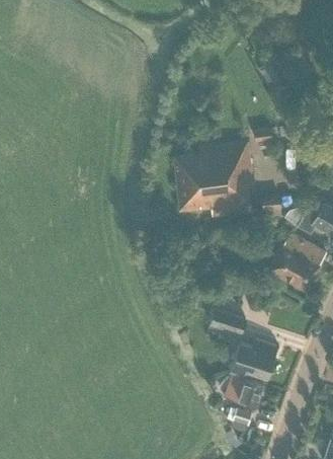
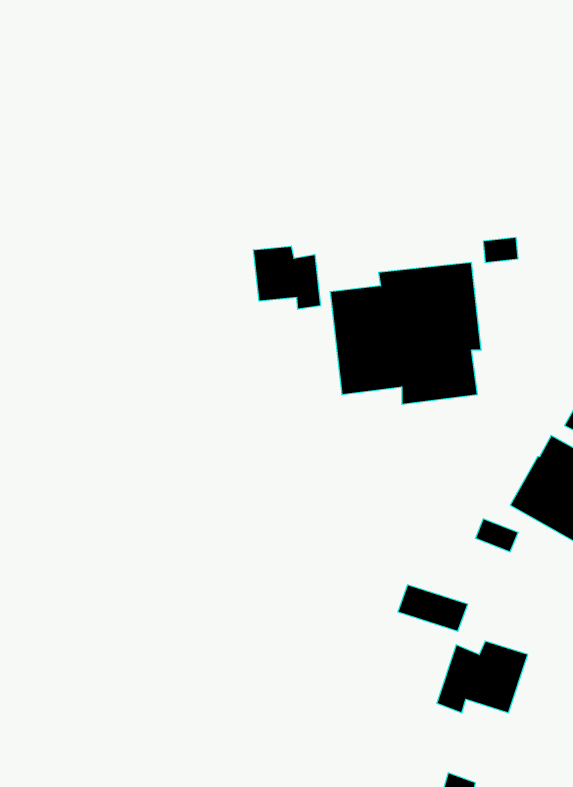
building: none -> [253,246,320,309]
building: [225,376,263,409] -> none

